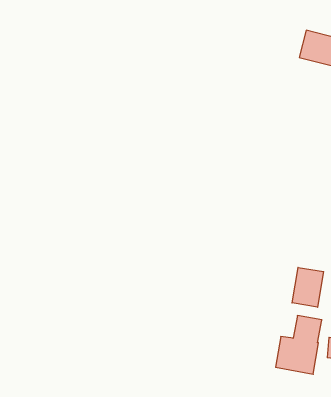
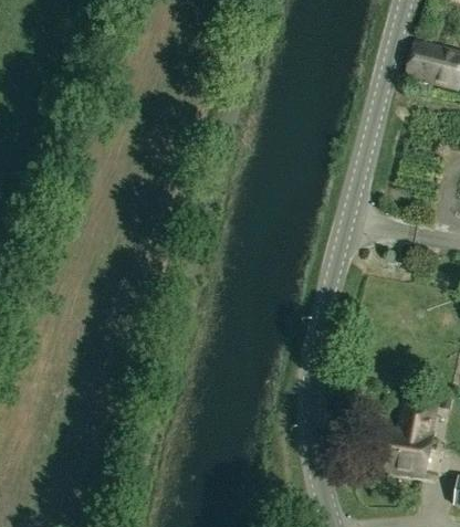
building: [292,267,324,307] -> none

